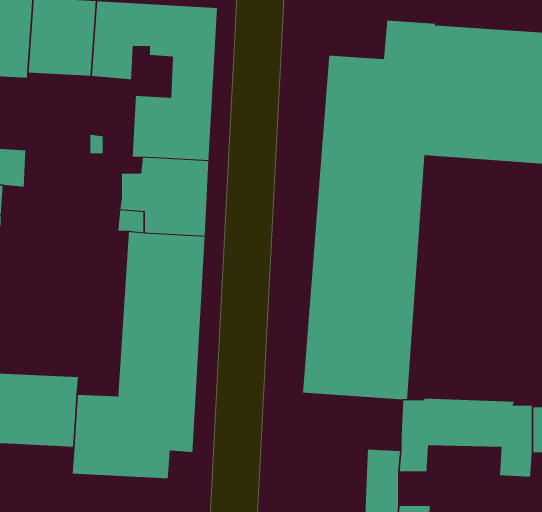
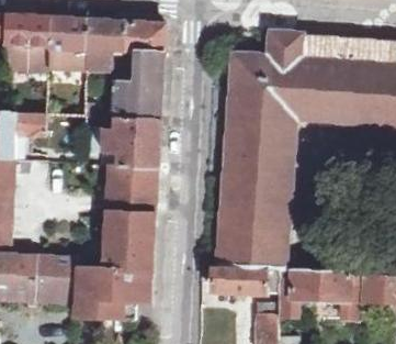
building: none -> [211,266,280,293]

